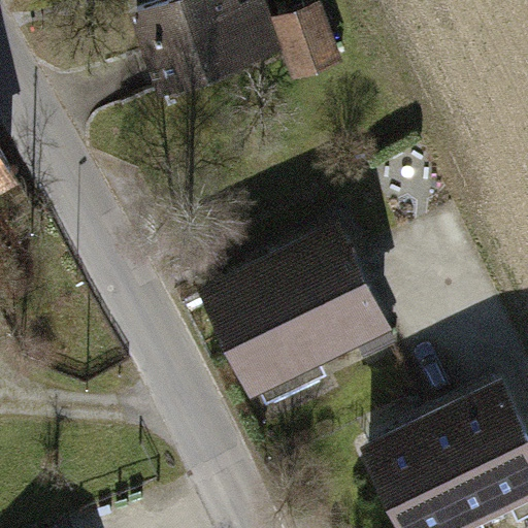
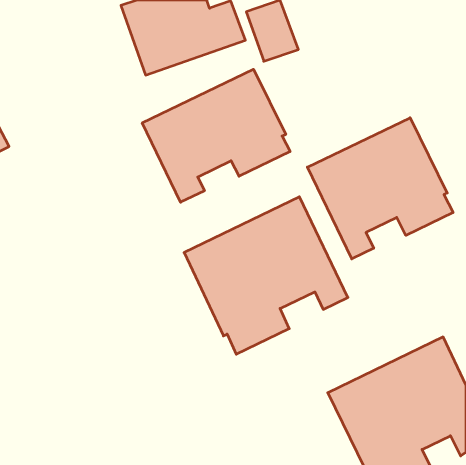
building: none -> [142,69,290,202]
building: none -> [307,118,453,259]

